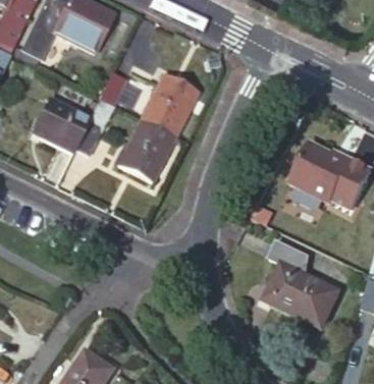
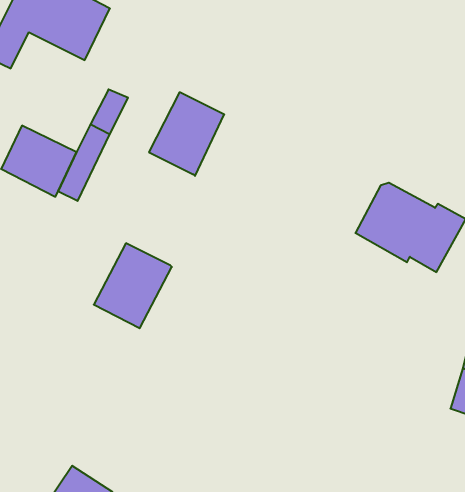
building: [118,120,175,182] -> [94,243,172,328]
building: [265,241,340,328] -> none

